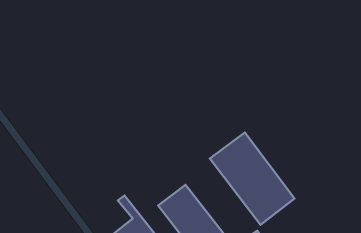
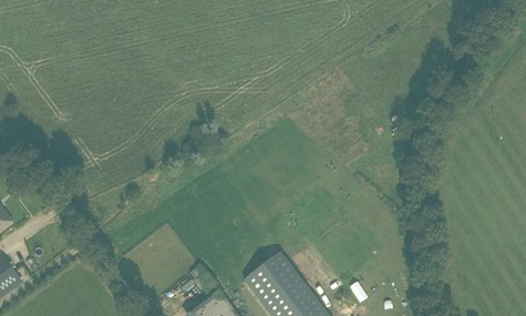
building: [210,132,295,225] -> none

